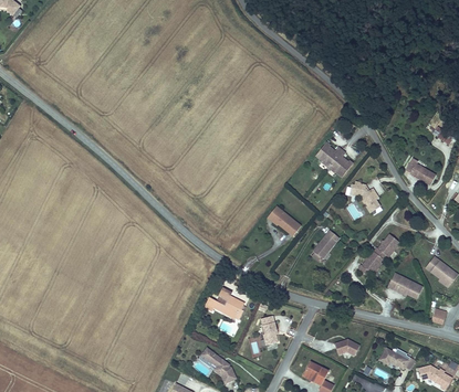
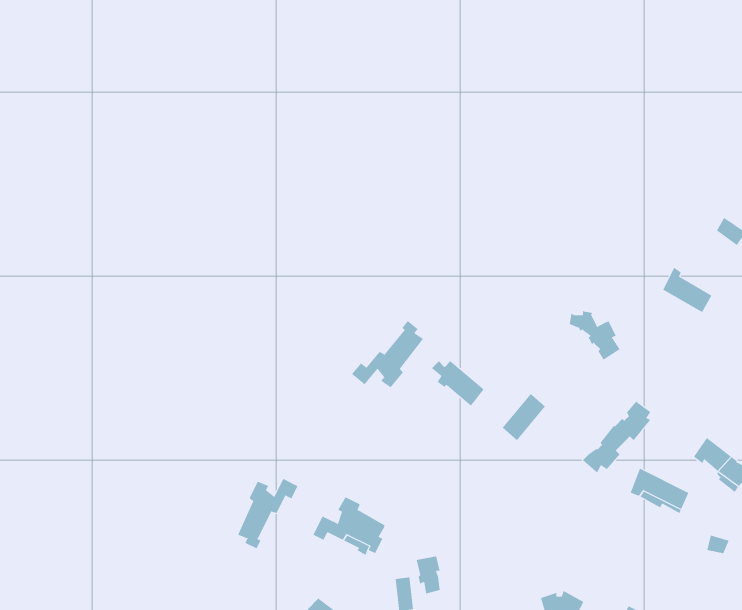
building: [315,140,353,174] -> none
building: none -> [351,320,423,388]
building: none -> [238,478,298,549]

